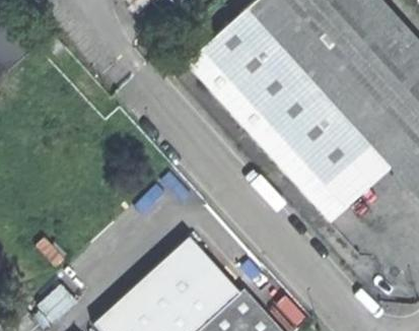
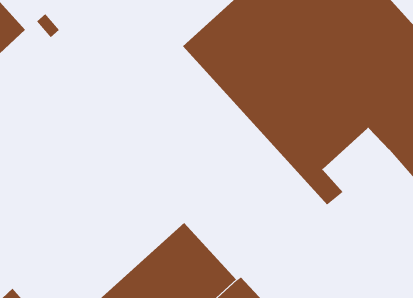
building: [327,144,392,207] -> none

